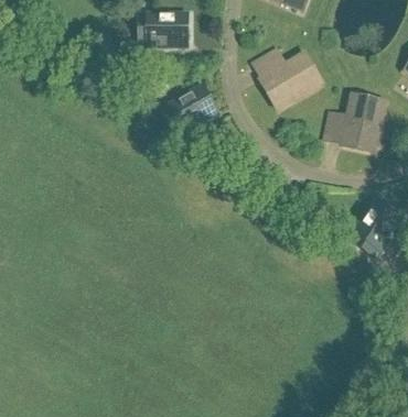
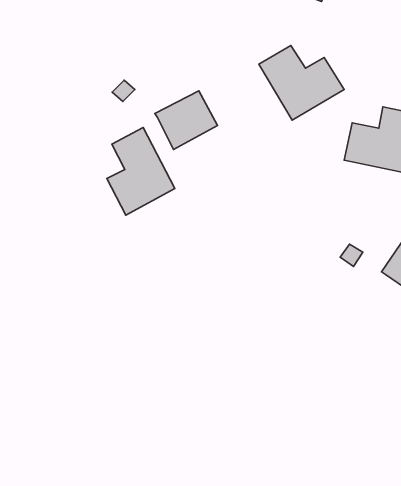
building: [146,13,186,46] -> none
building: none -> [107,128,175,215]

